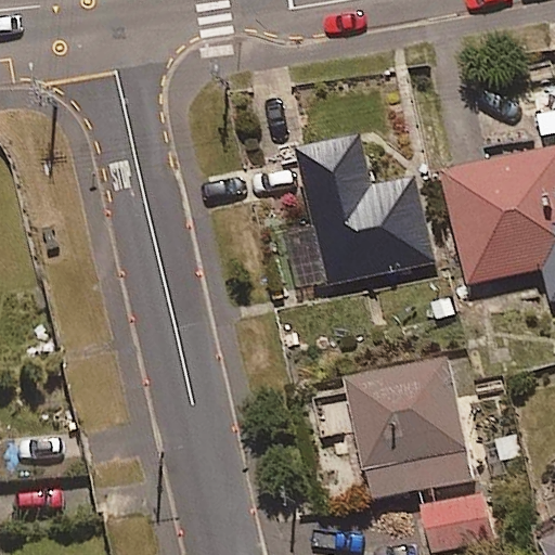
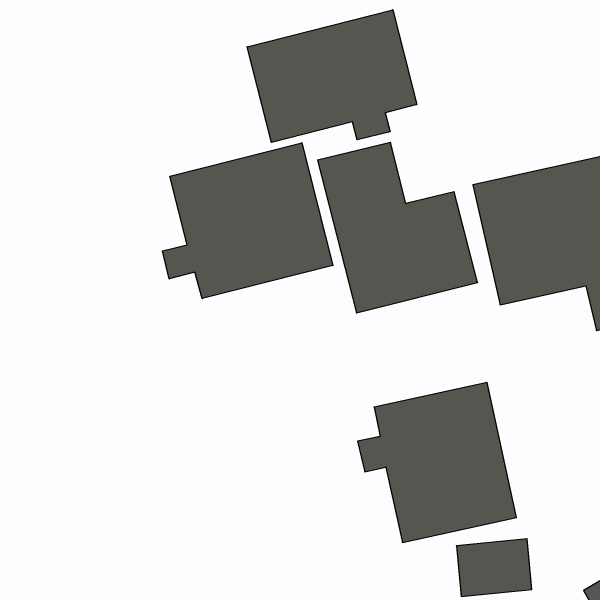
building: none -> [247,10,417,142]
building: none -> [163,143,333,299]

